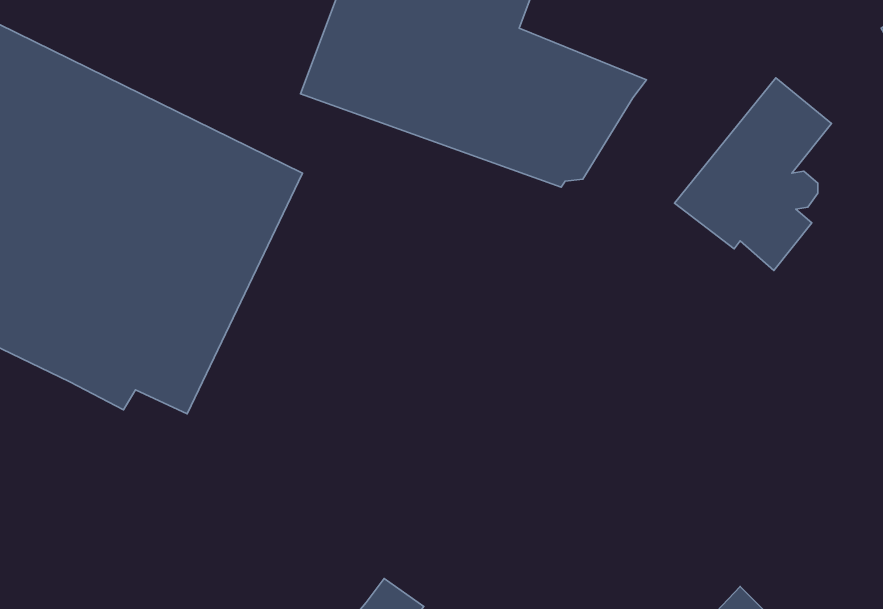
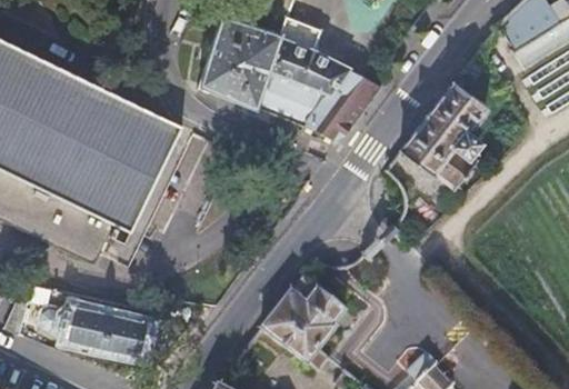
building: none -> [259,271,347,370]
building: none -> [40,299,151,357]

